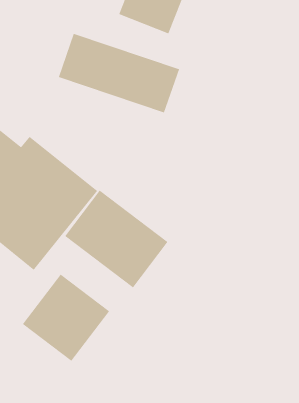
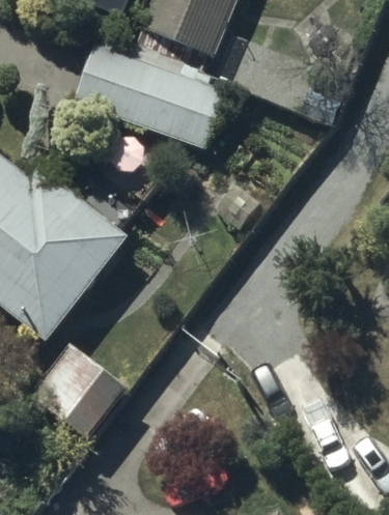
building: [64,189,169,289] -> none

